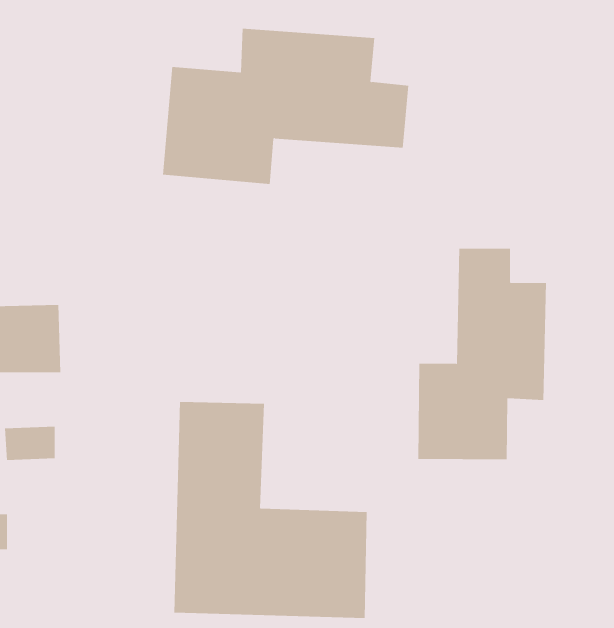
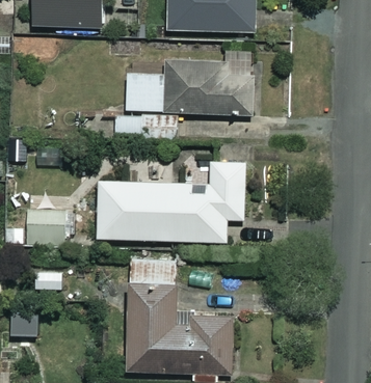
building: none -> [97,162,246,242]
building: [418,248,547,460] -> none

